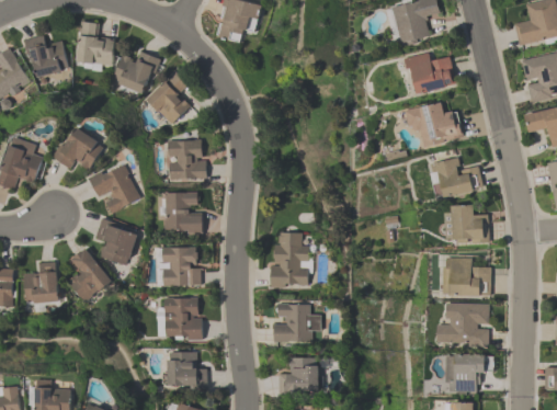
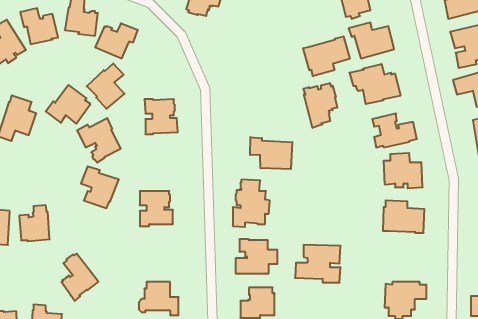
building: none -> [303,36,350,76]
building: [146,71,190,124] -> [87,63,125,109]
building: none -> [303,83,337,128]
building: none -> [250,137,292,169]
building: [163,191,202,235] -> none
building: [68,248,111,303] -> [61,254,98,301]
building: [164,296,202,340] -> none
building: [436,301,489,345] -> [295,245,341,283]

